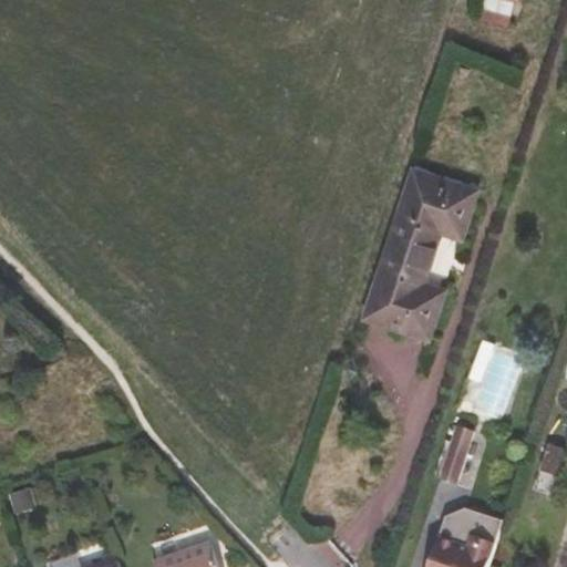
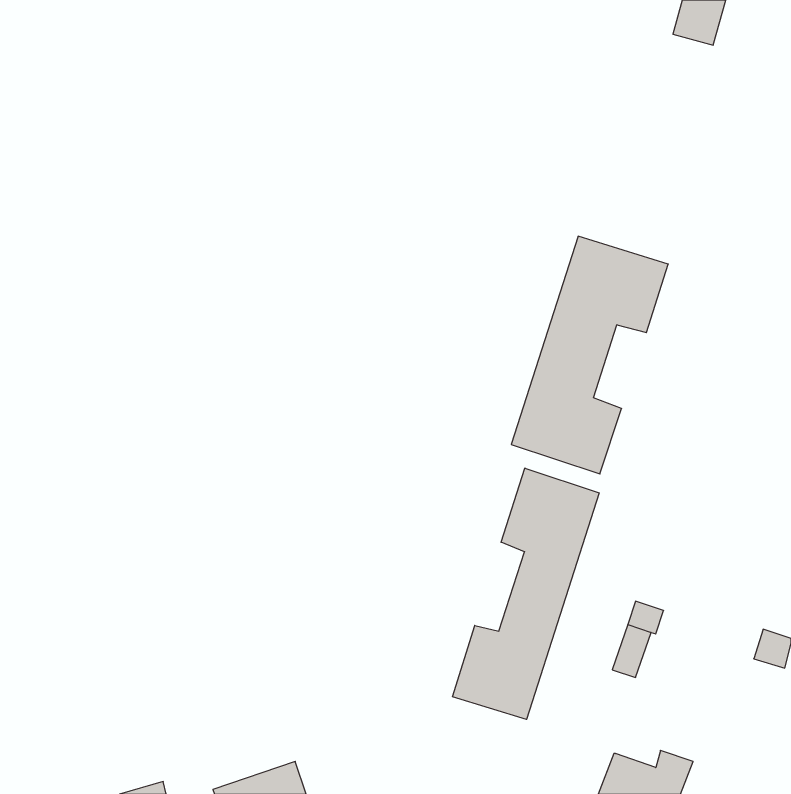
building: none -> [452,468,599,719]
building: [437,505,502,547] -> none

